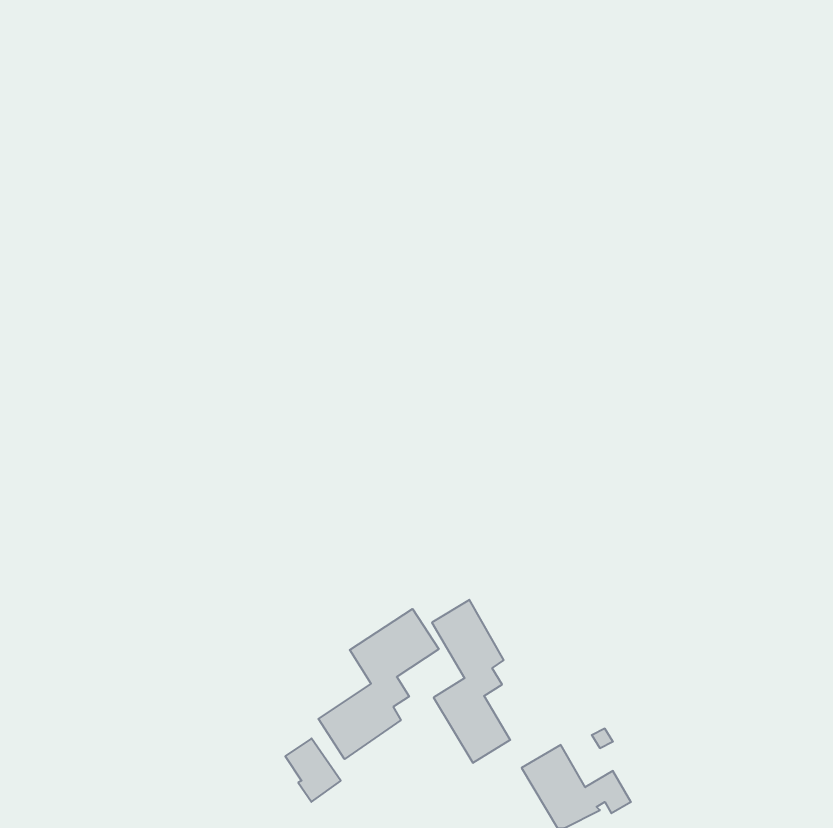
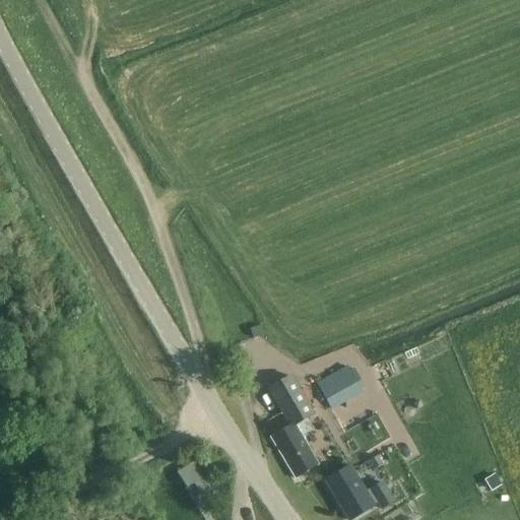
building: none -> [317,352,361,407]
building: [318,609,439,759] -> none

